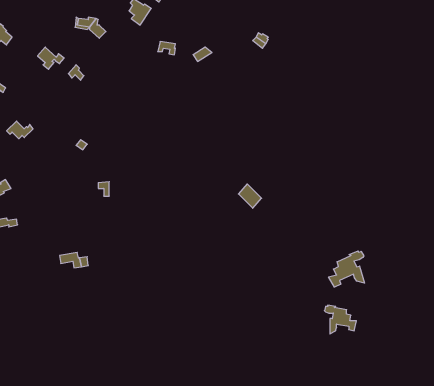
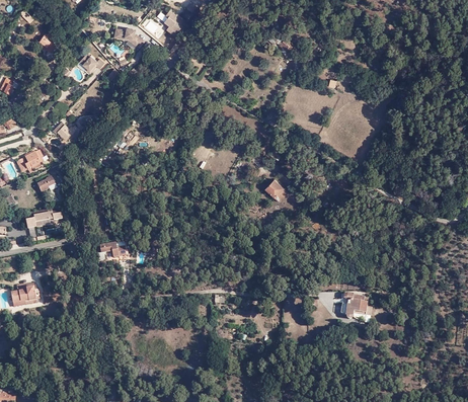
building: [329,251,365,287] -> none

